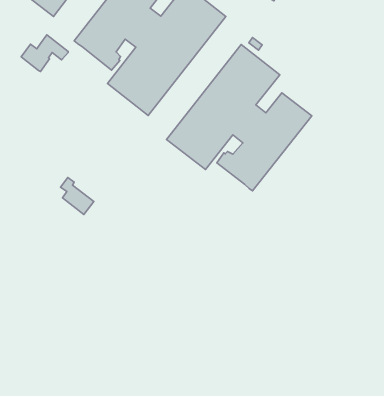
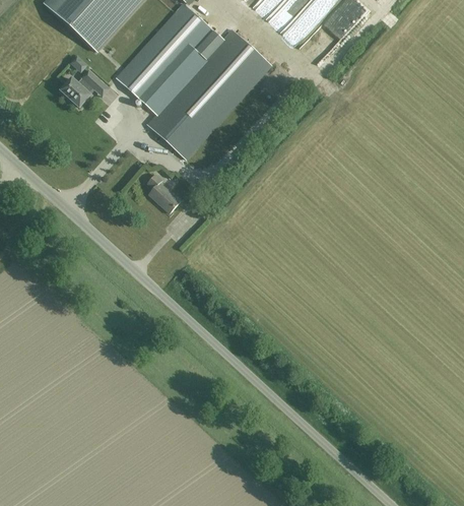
building: [167,44,312,191] -> none
building: [61,178,94,214] -> [147,174,180,212]

